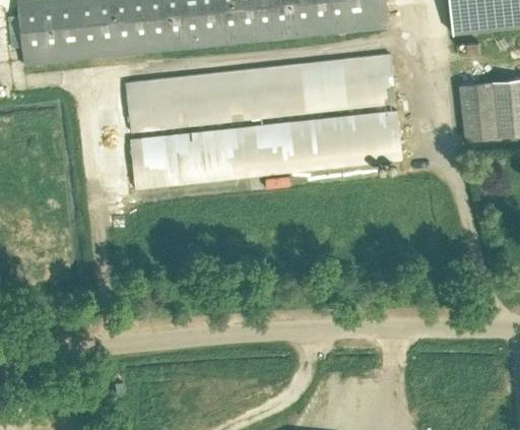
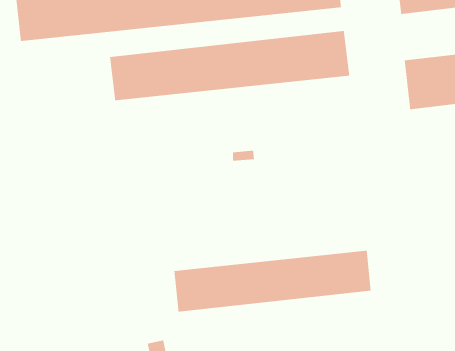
building: [129,110,402,189] -> none
building: none -> [174,250,371,313]

